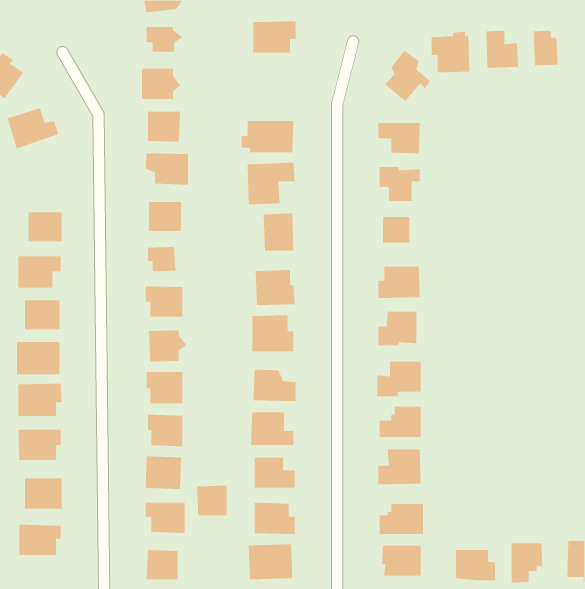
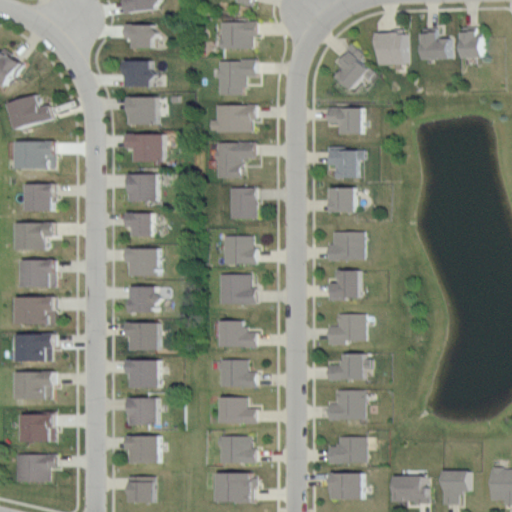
building: none -> [215,60,255,97]
building: none -> [14,142,51,170]
building: [196,485,227,516] -> none

